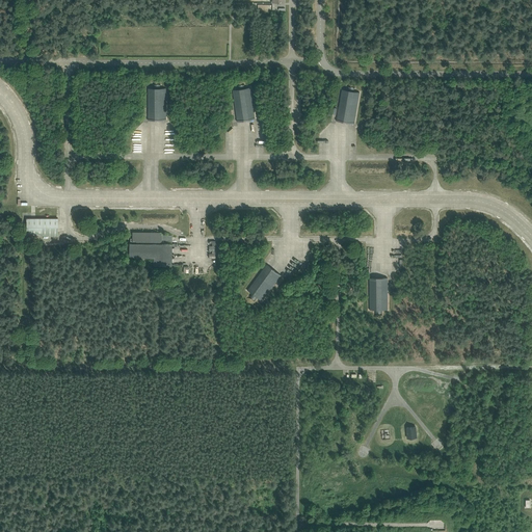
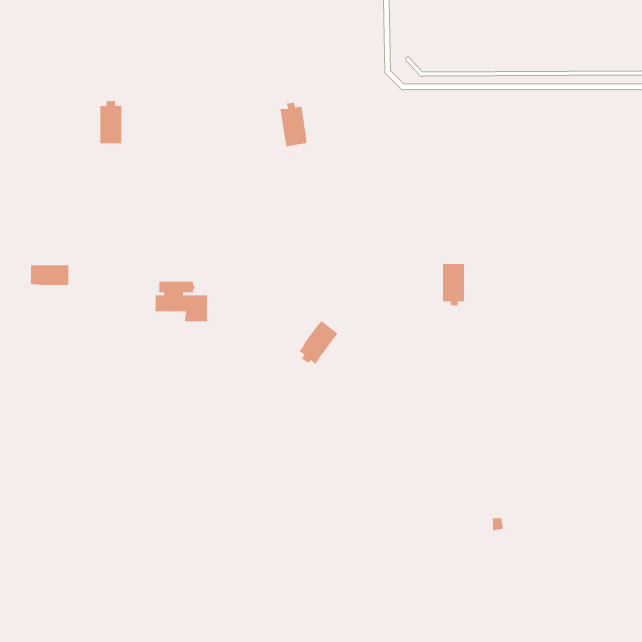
building: [147,85,165,122] -> [99,100,122,144]
building: [336,87,358,125] -> none
building: [368,278,387,314] -> [442,263,465,306]

